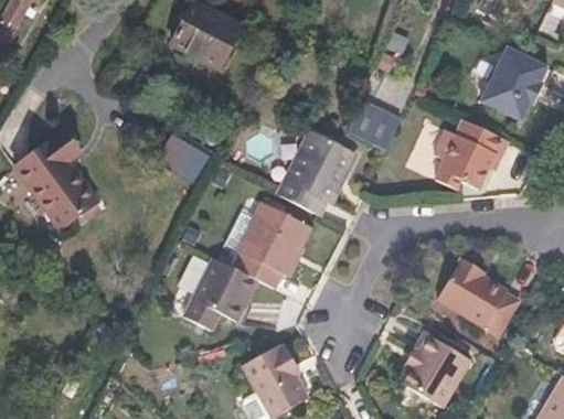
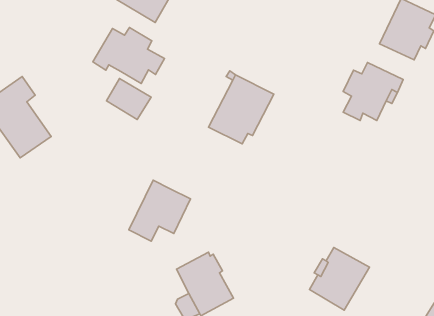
building: none -> [93,28,165,84]
building: [347,104,400,151] -> none
building: [234,200,313,287] -> none
building: [435,259,517,335] -> none

